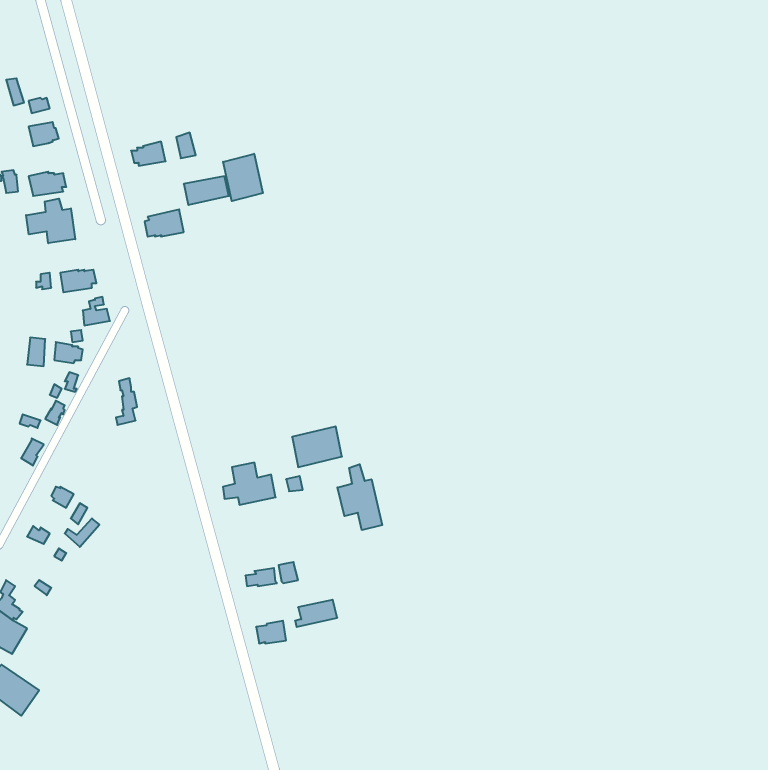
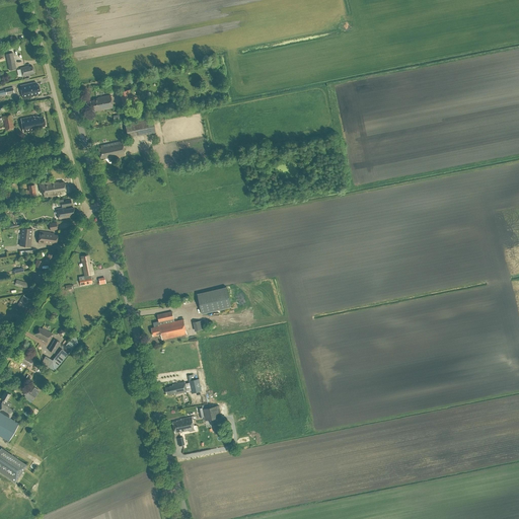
building: [223,154,263,201] -> none
building: [26,199,75,243] -> none
building: [337,464,382,530] -> none

